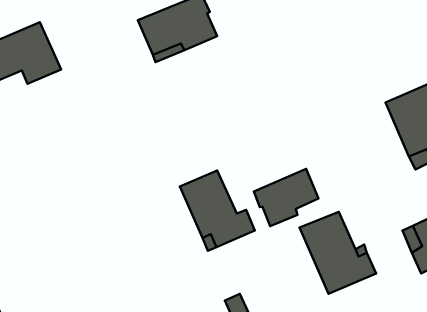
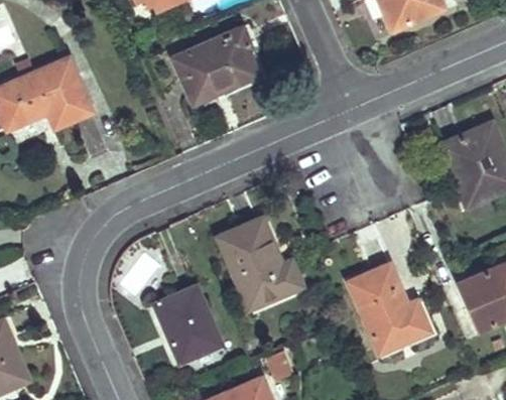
building: [254,169,319,226] -> none
building: none -> [156,287,222,362]

